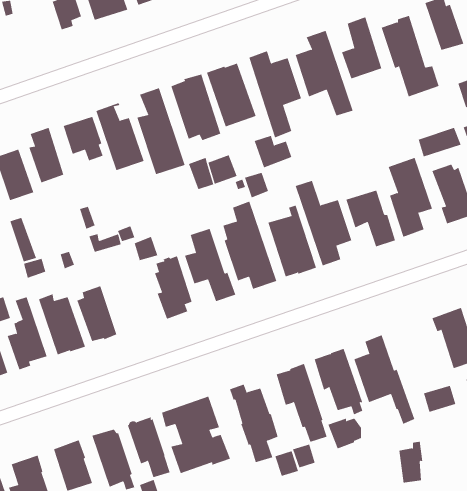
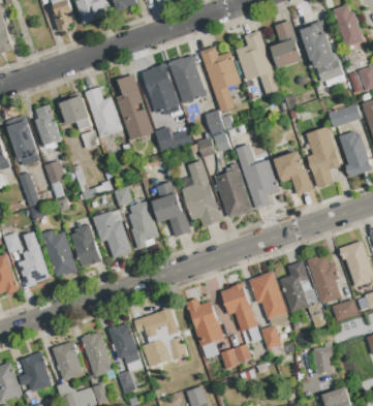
building: none -> [44,160,65,198]
building: none -> [92,210,131,258]
building: none -> [307,255,341,304]

